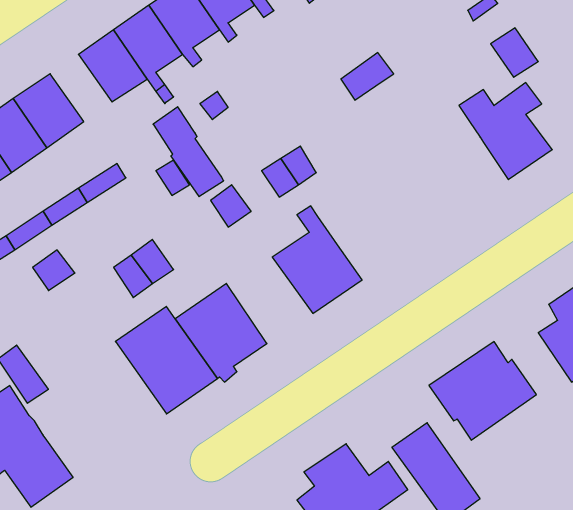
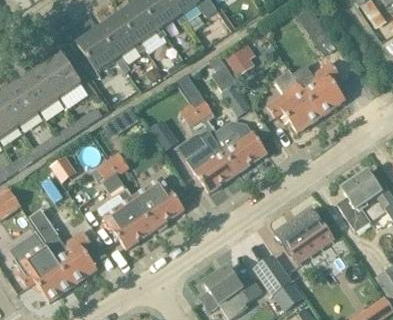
building: [153,107,224,197] -> [211,66,251,117]
building: none -> [265,82,320,132]
building: none -> [212,123,266,172]
building: none -> [48,230,97,284]

